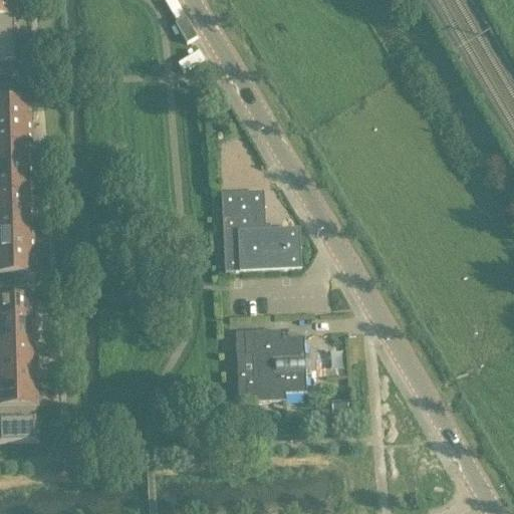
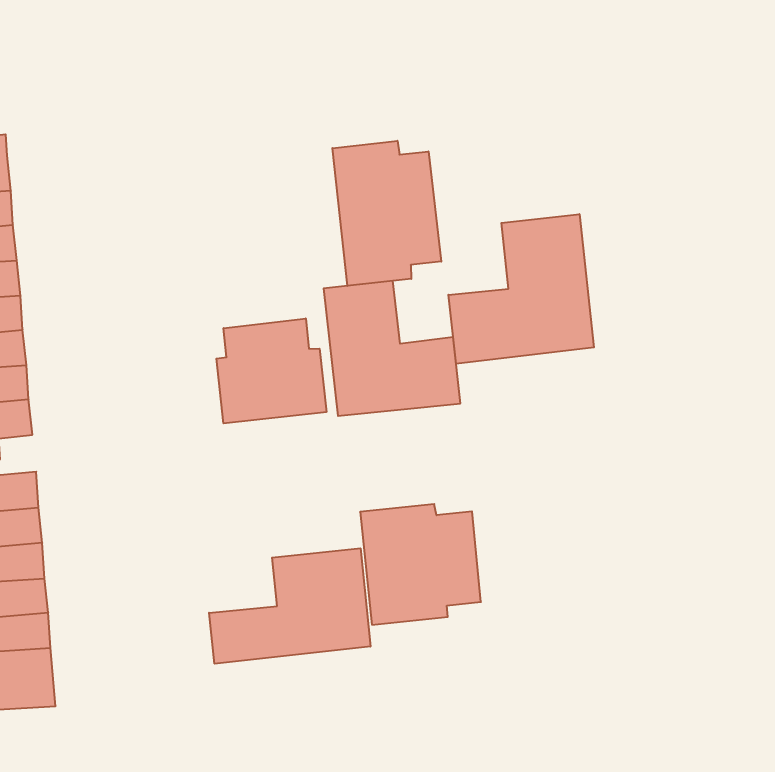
building: none -> [332,141,441,286]
building: none -> [448,214,594,364]
building: none -> [216,318,326,423]
building: none -> [209,548,370,664]

